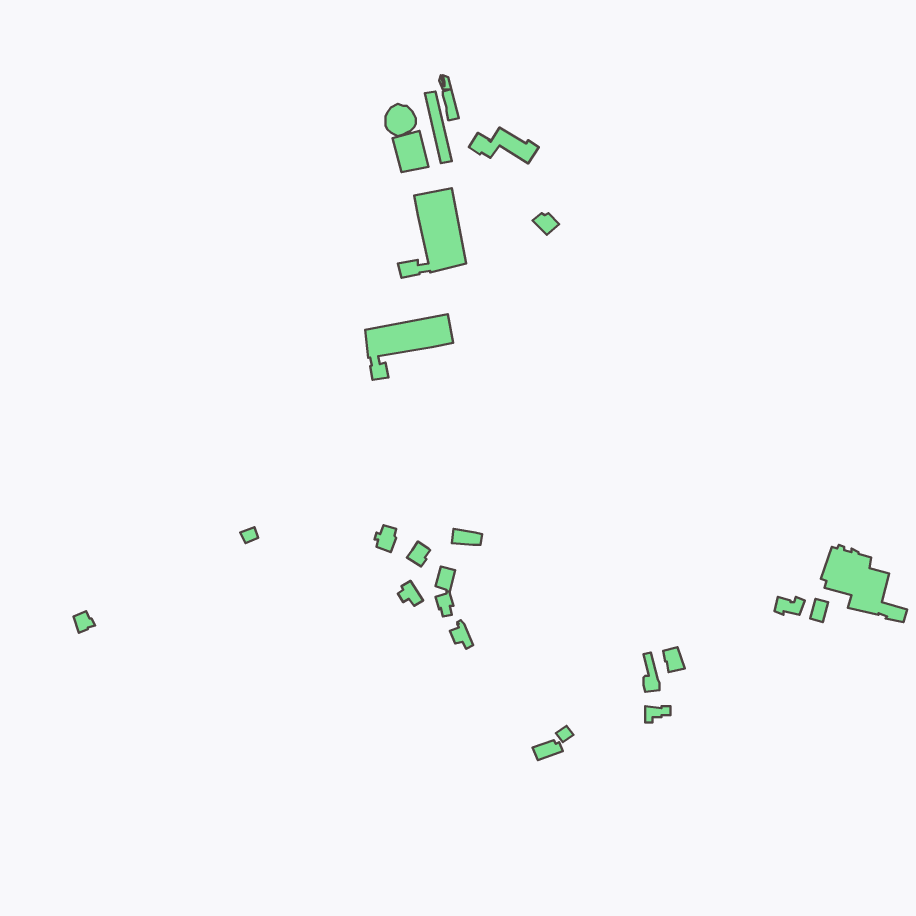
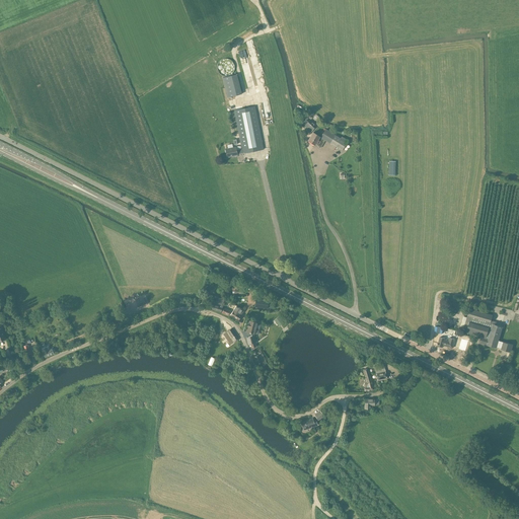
building: [469,127,539,163] -> [308,130,348,150]
building: [365,314,453,380] -> none

